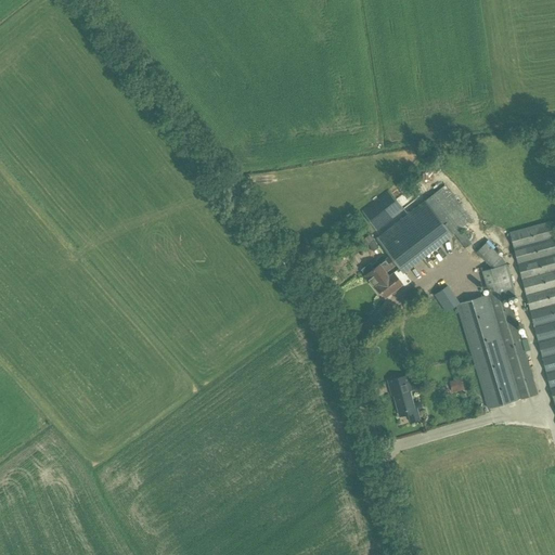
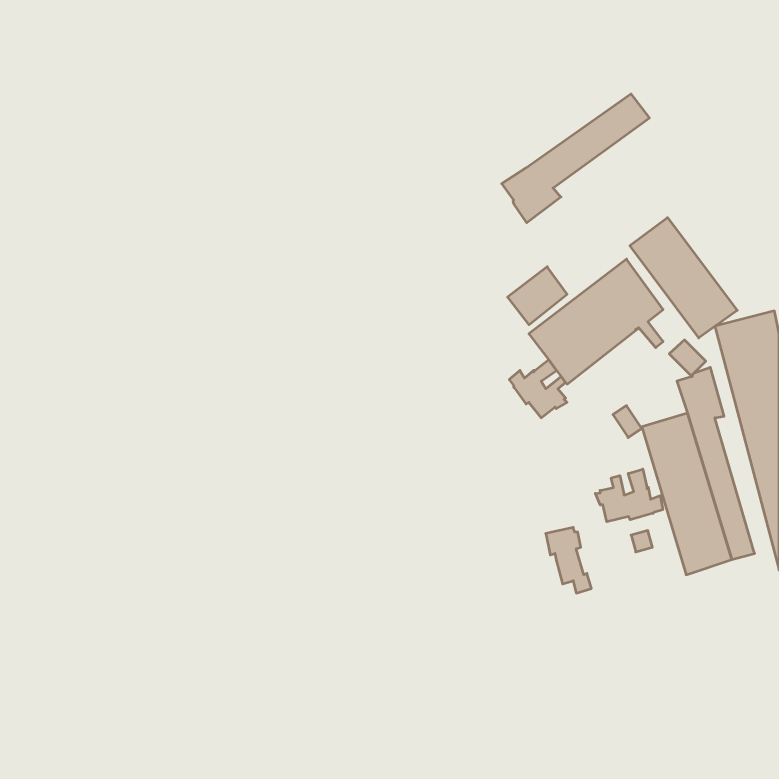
building: none -> [502,94,649,223]
building: none -> [630,218,737,338]
building: none -> [595,469,663,522]

